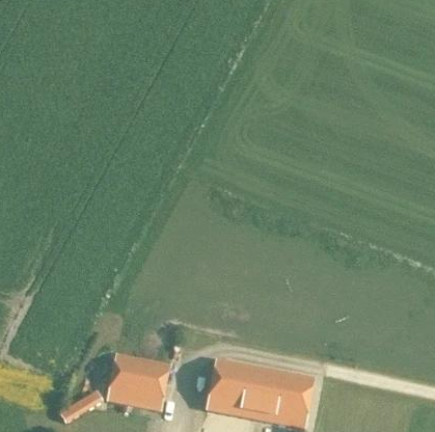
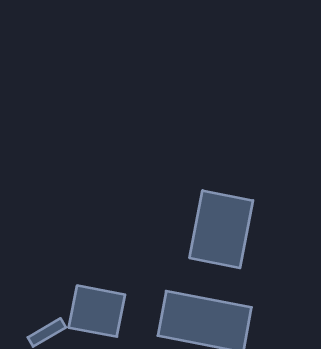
building: none -> [190,190,253,268]

